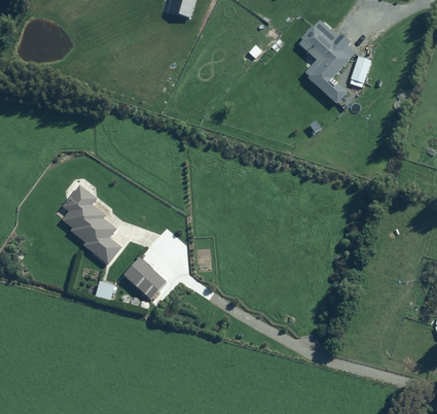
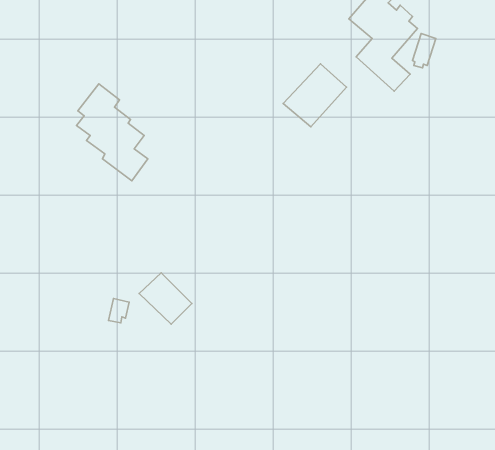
building: none -> [283,64,346,127]
building: [62,184,121,266] -> [77,84,148,181]

